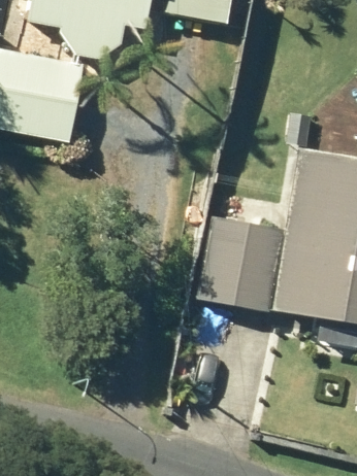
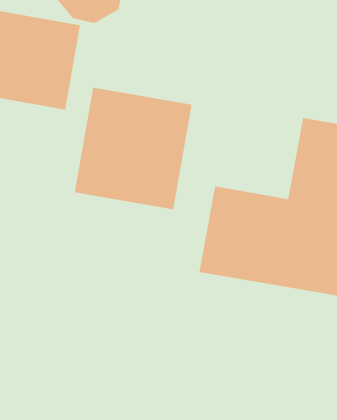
building: none -> [74,87,193,210]

